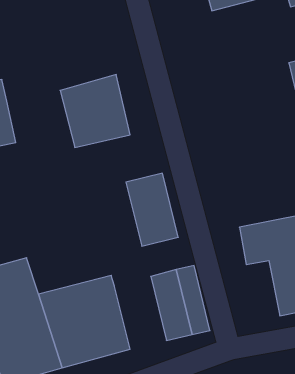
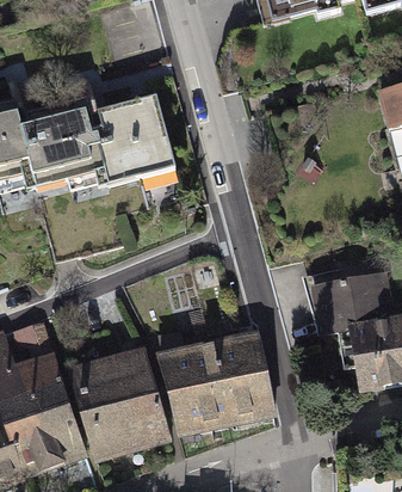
building: none -> [26,118,109,203]
building: [126,173,178,246] -> [156,344,219,432]

